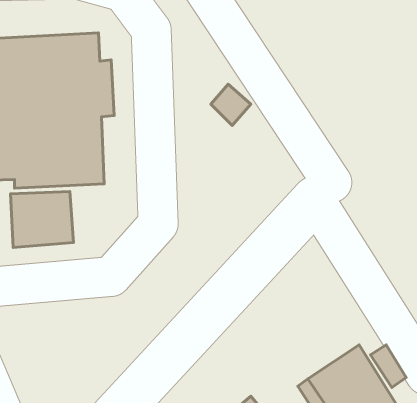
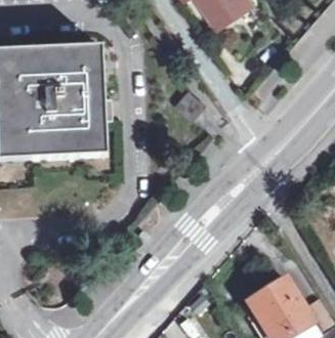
building: [10,192,74,247] -> none

